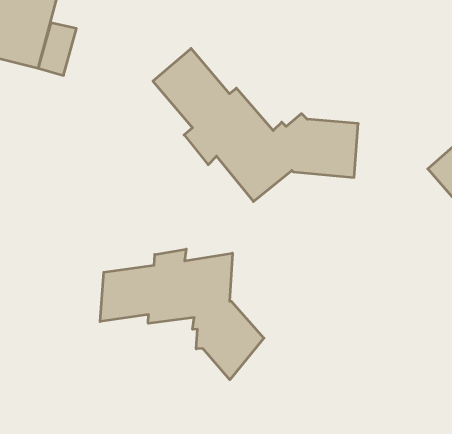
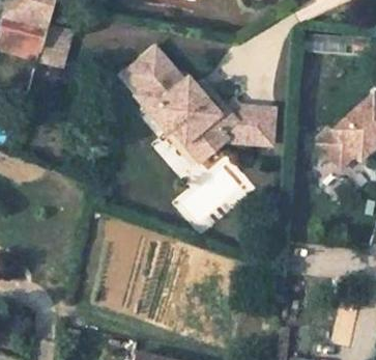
building: [100,249,264,380] -> none

